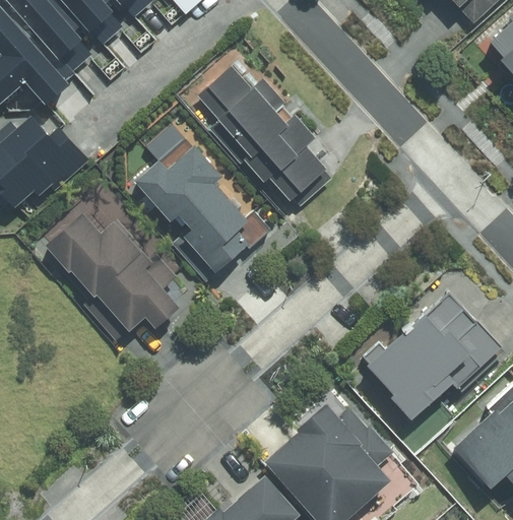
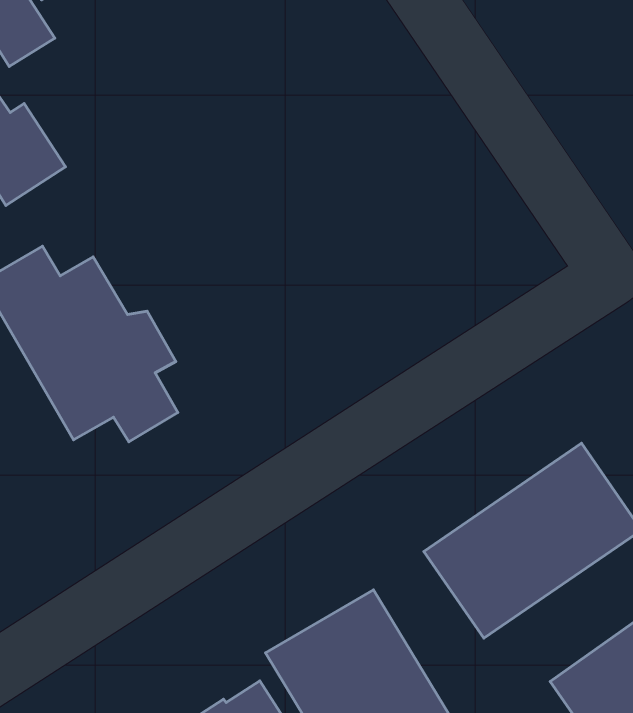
building: [195,63,331,203] -> none
building: [132,141,275,278] -> none

